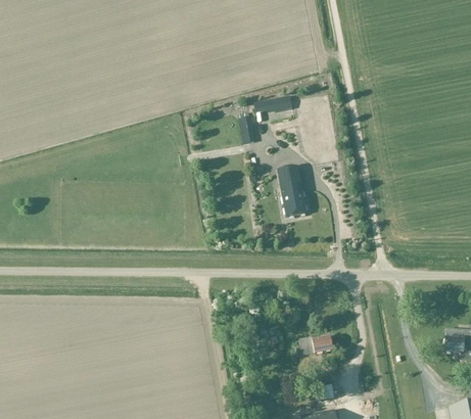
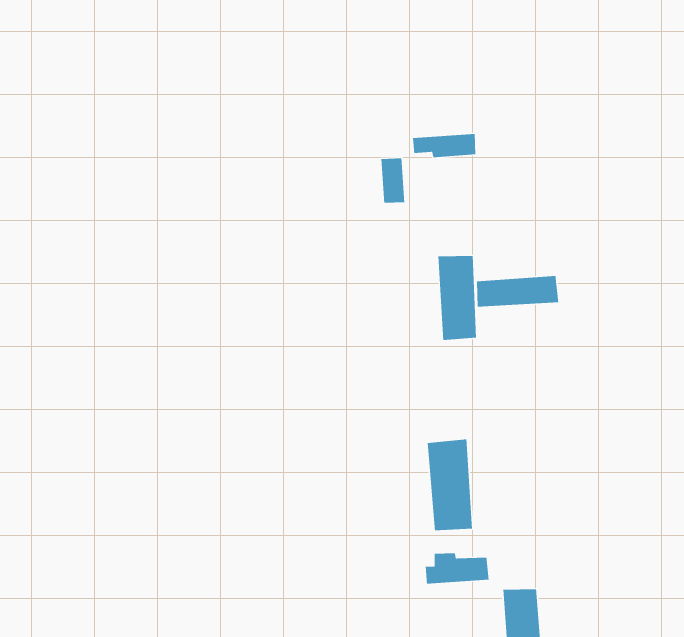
building: none -> [476,275,559,307]
building: none -> [427,438,473,531]

